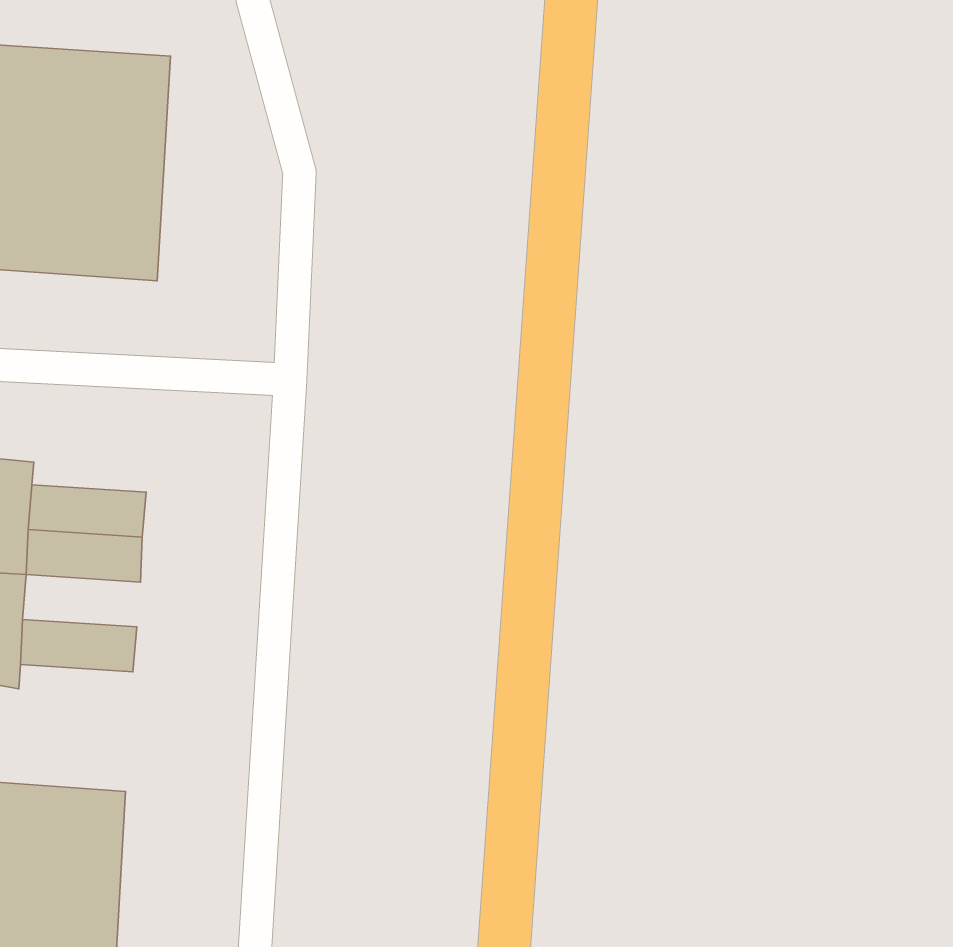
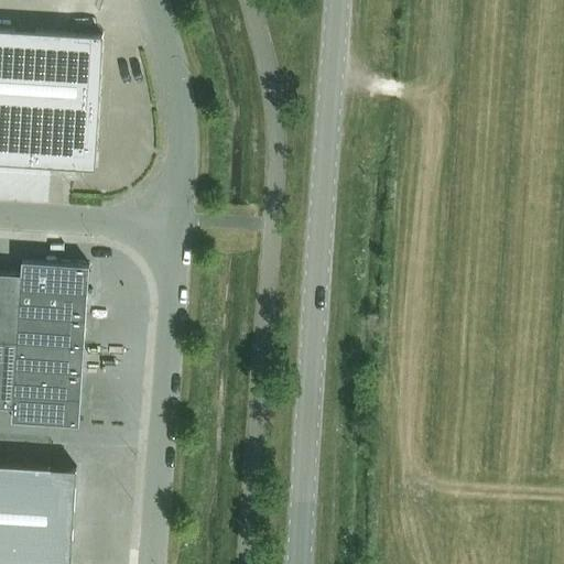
building: none -> [19,264,87,295]
building: none -> [13,344,83,375]
building: none -> [10,397,78,429]

